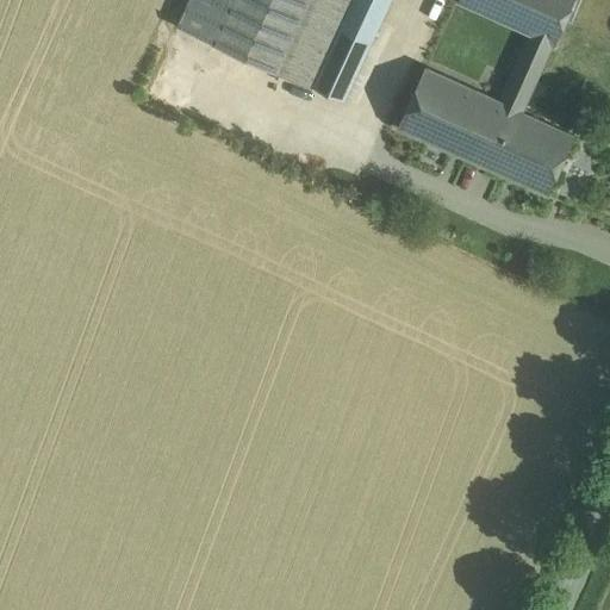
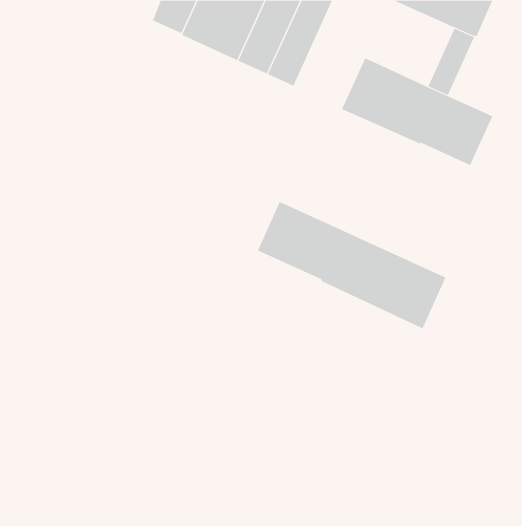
building: none -> [257,201,446,329]

